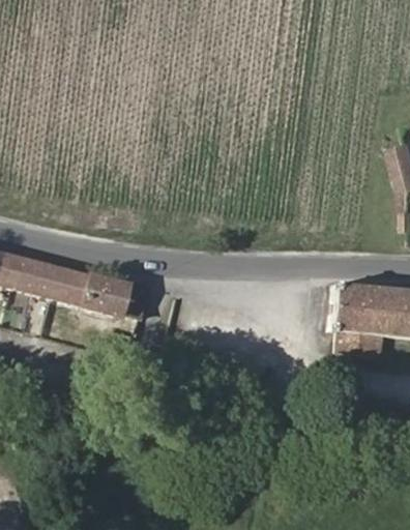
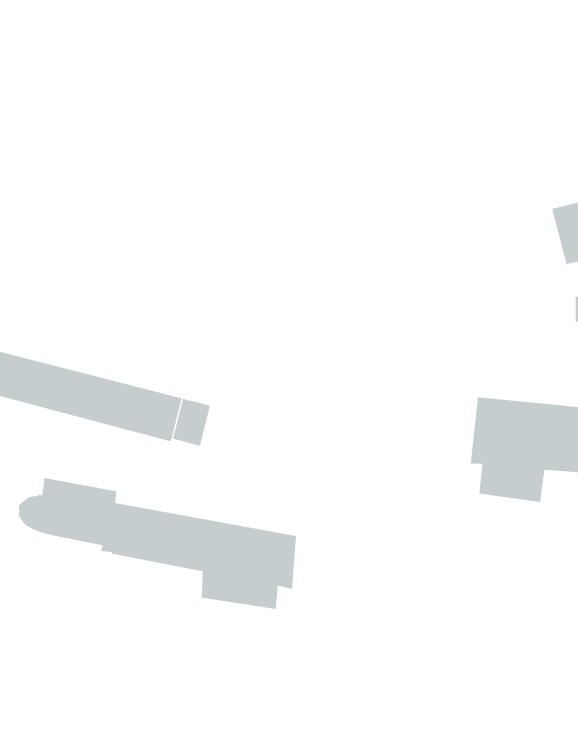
building: none -> [18,477,297,610]

